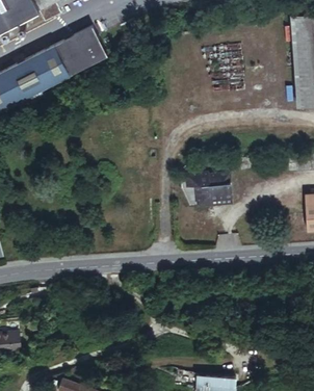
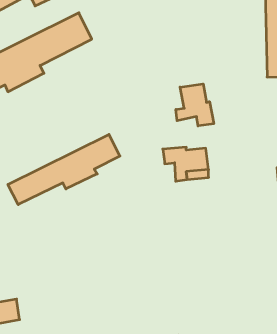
building: none -> [176,84,214,126]
building: none -> [8,134,120,205]

